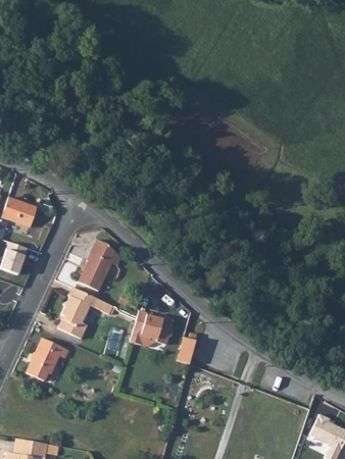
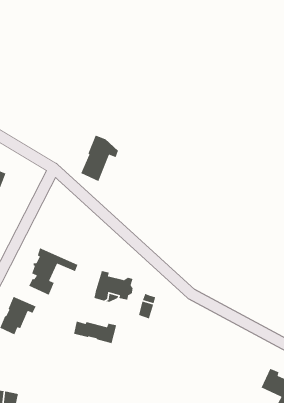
building: [77,238,118,289] -> [80,135,119,182]
building: none -> [73,321,117,344]

